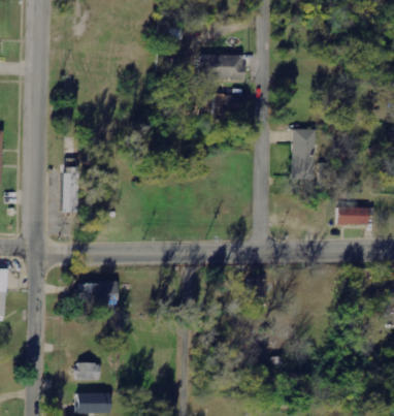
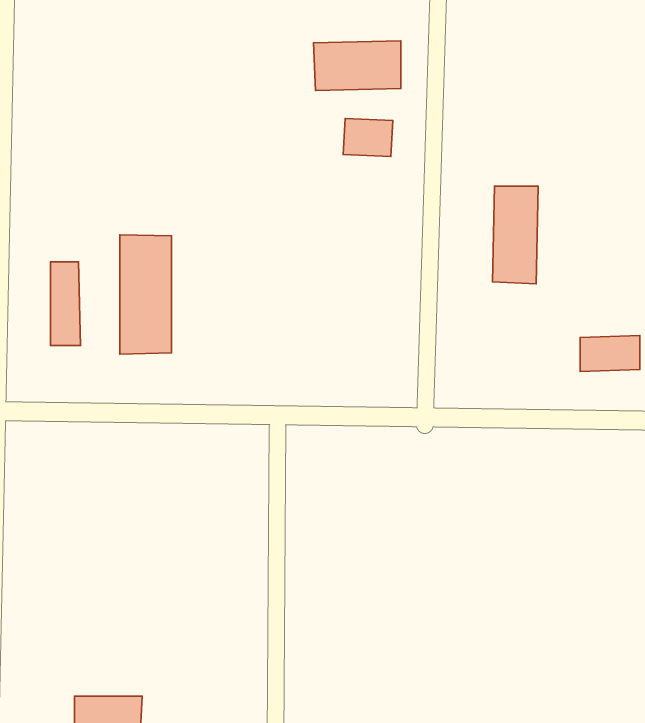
building: none -> [120,235,171,354]
building: [77,282,117,313] -> none
building: [76,362,101,380] -> none

